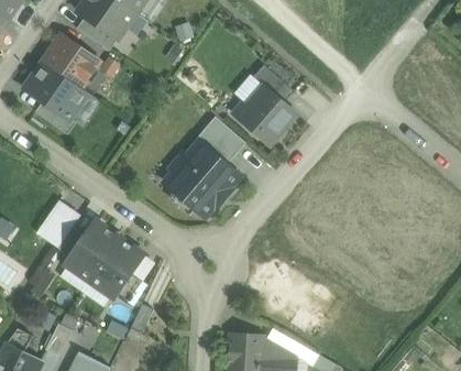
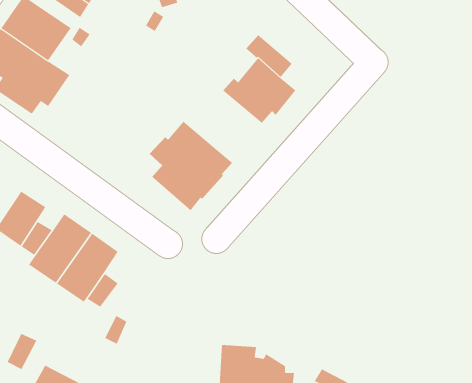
building: [196,117,244,164] -> none

